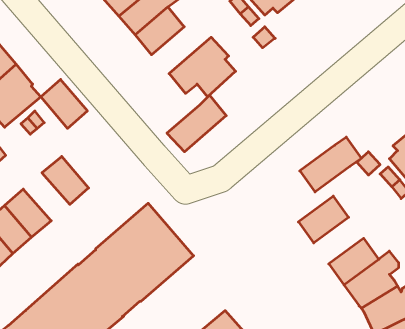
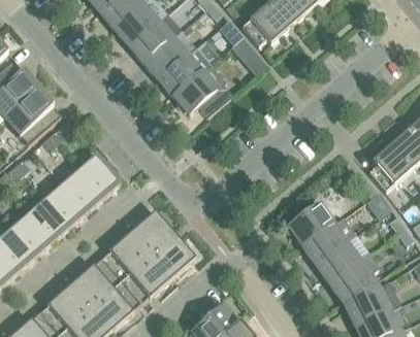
building: [41,79,87,128] -> [78,155,120,198]
building: [167,96,226,152] -> [158,47,211,97]
building: [300,137,362,192] -> [301,216,356,265]
building: none -> [44,184,86,227]

